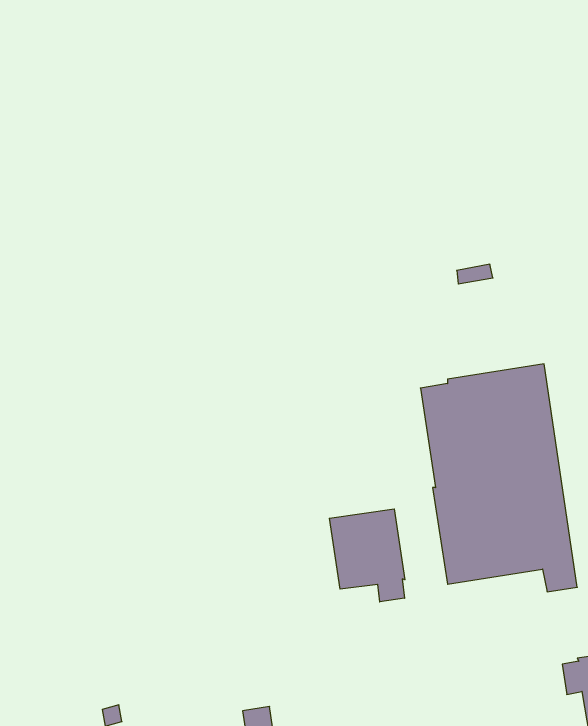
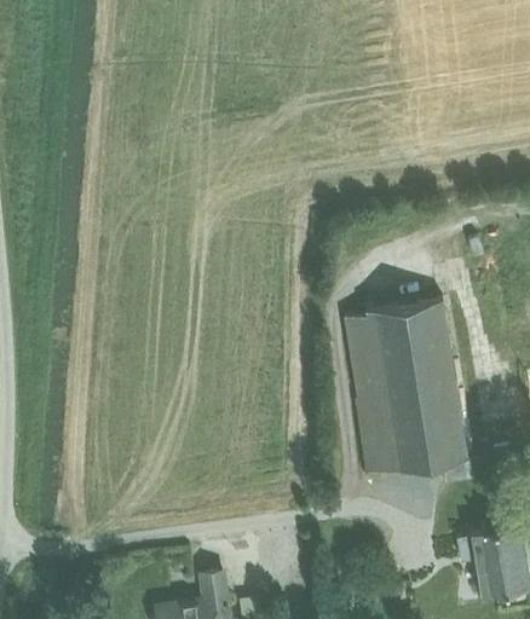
building: [329,509,405,602] -> none

